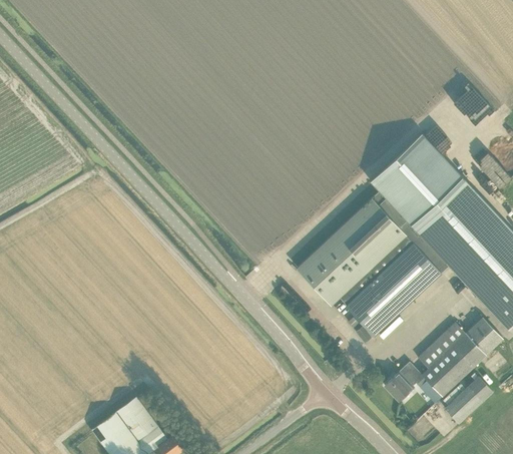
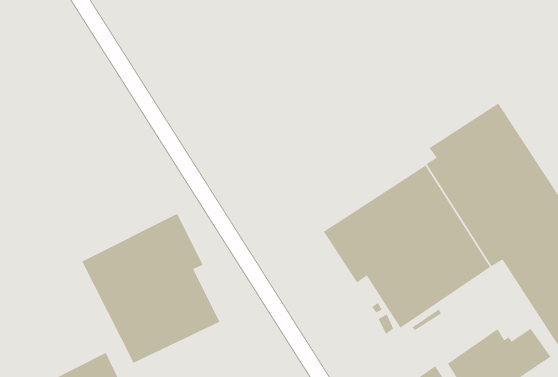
building: none -> [81,213,220,364]

